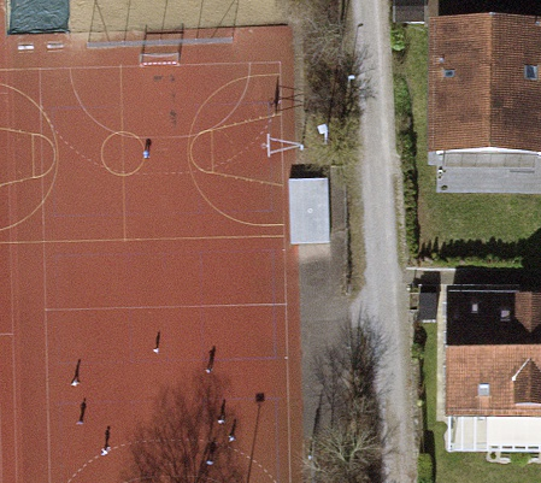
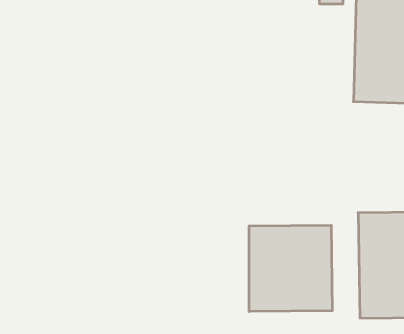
building: none -> [249,225,332,312]

